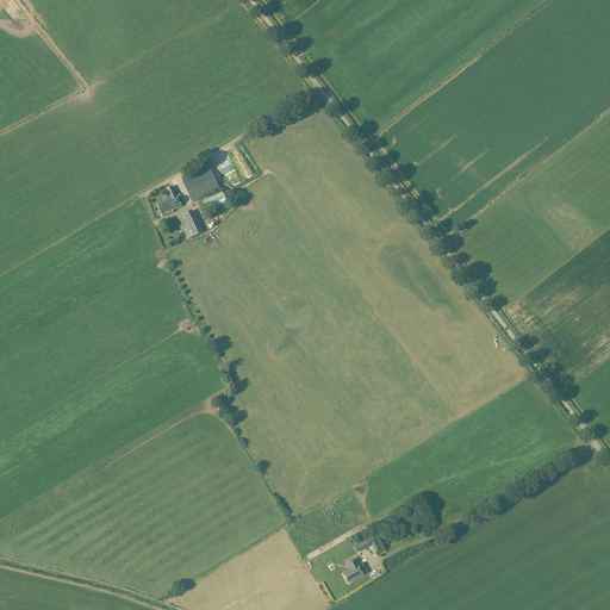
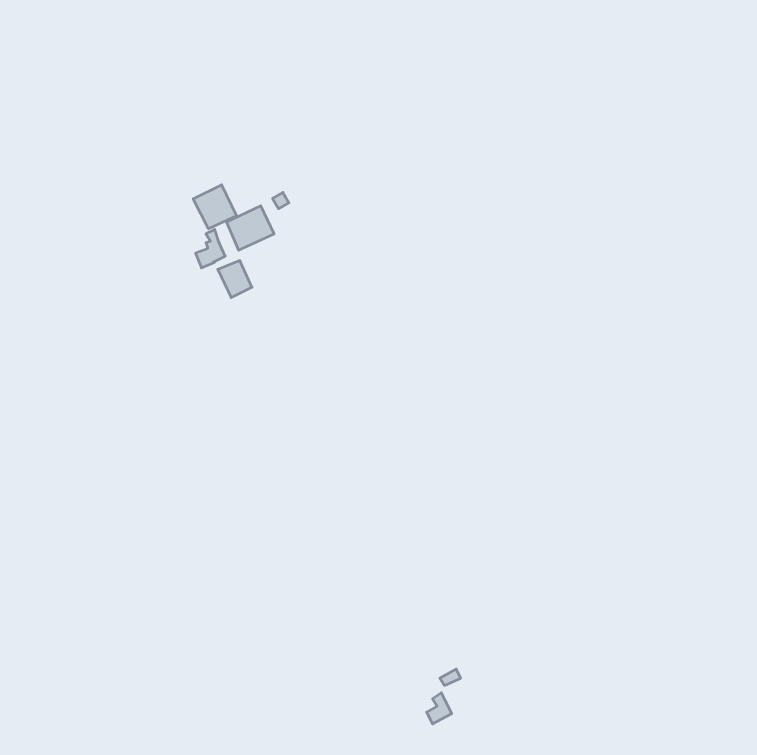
building: none -> [193,185,236,229]

